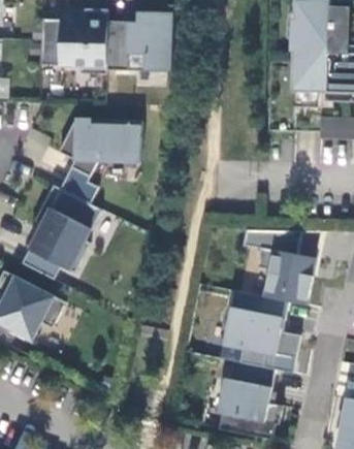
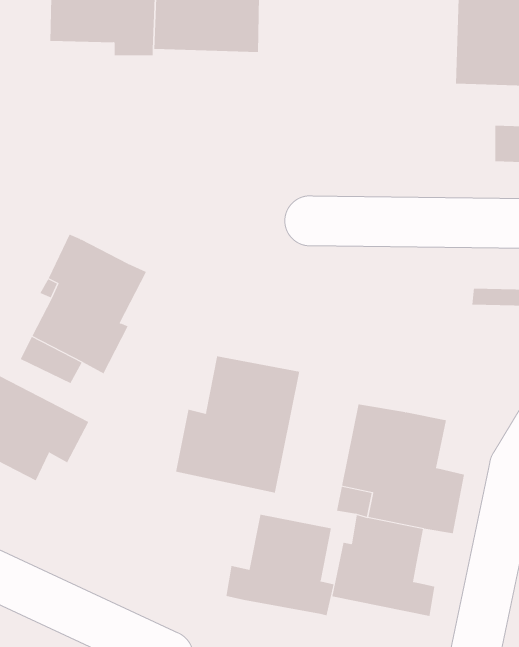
building: [57,119,140,203] -> none
building: [242,229,315,304] -> none
building: none -> [175,356,300,494]
building: none -> [226,514,334,616]

